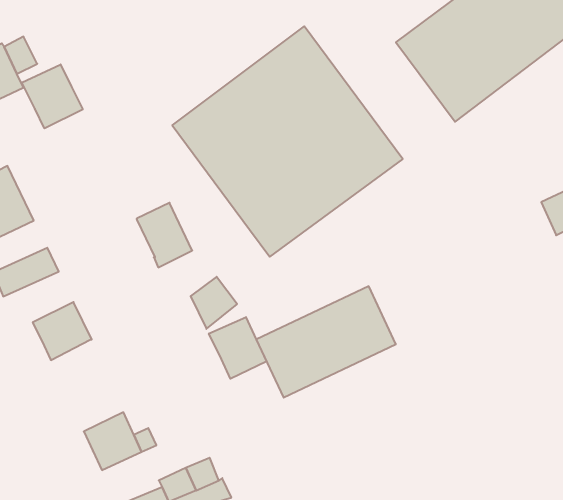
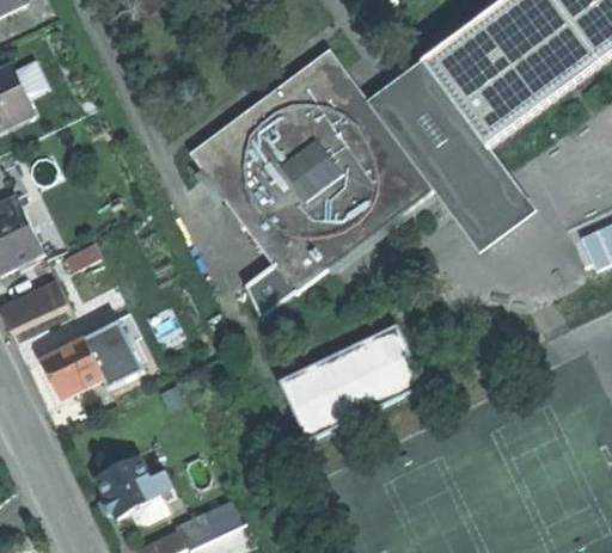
building: none -> [377,72,532,246]
building: [22,64,83,128] -> none
building: [137,203,192,267] -> [86,320,145,388]
building: [191,277,237,329] -> [244,262,293,317]
building: [209,317,267,379] -> none

